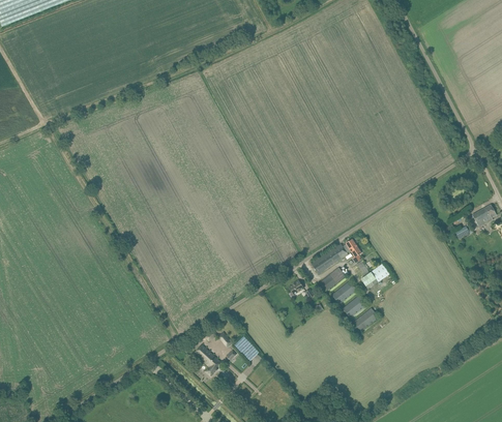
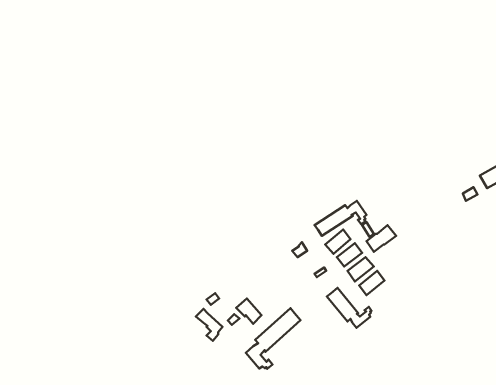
building: none -> [327,288,372,328]
building: none -> [246,308,301,369]

